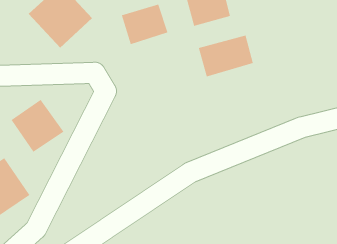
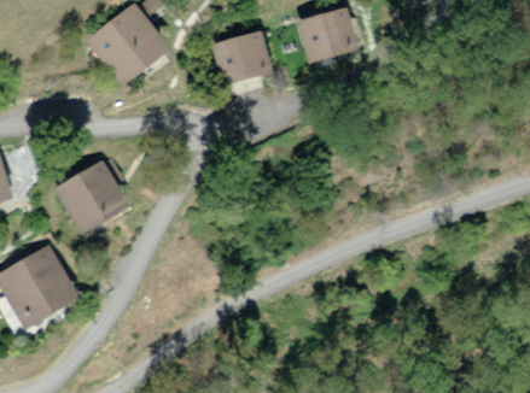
building: [198,34,254,77] -> none

